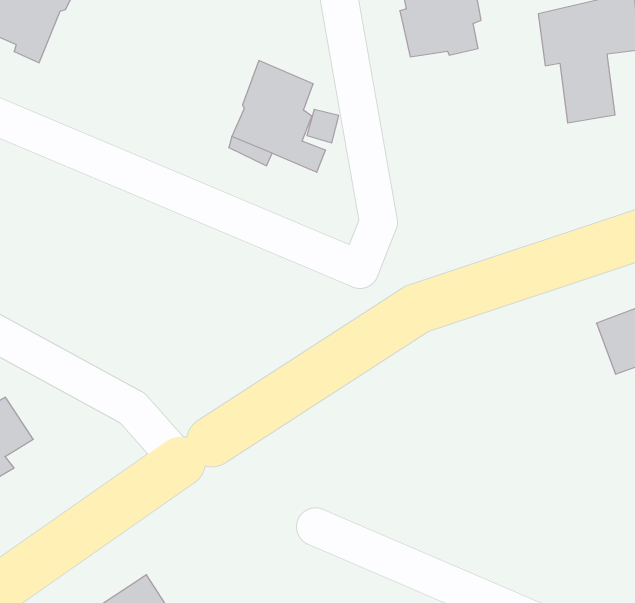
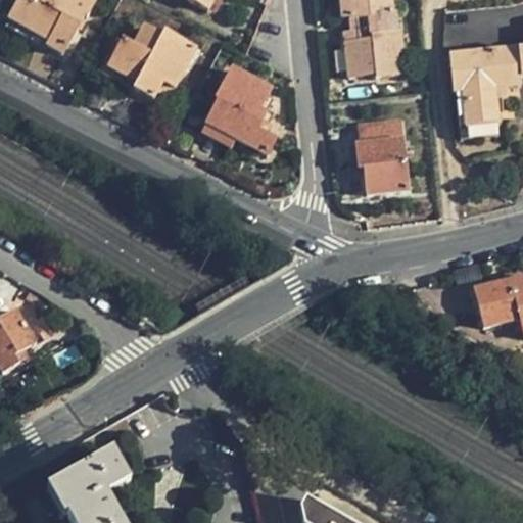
building: none -> [109,23,196,98]
building: none -> [355,117,409,194]

